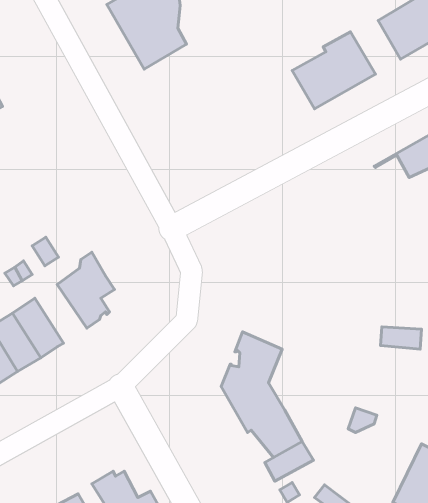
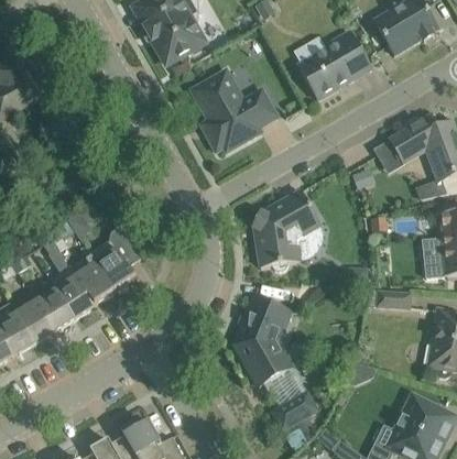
building: none -> [191,68,278,151]
building: none -> [252,189,320,269]
building: none -> [69,253,116,305]

